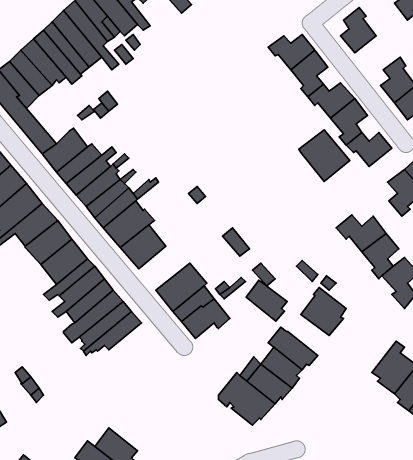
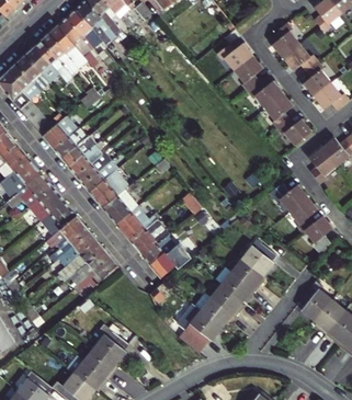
building: none -> [283,44,318,70]
building: [299,130,350,182] -> none
building: none -> [116,206,158,240]
building: [246,280,287,321] -> [231,259,263,290]
building: none -> [93,323,129,364]

